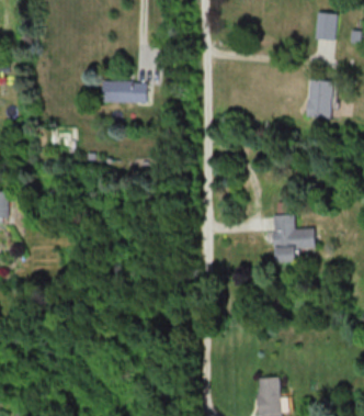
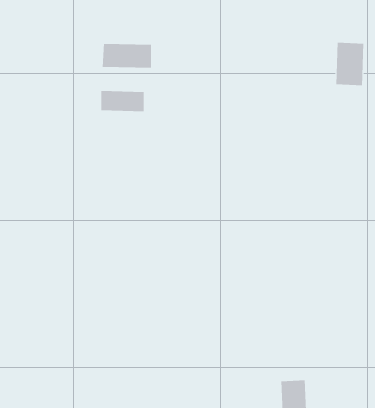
building: none -> [101,90,144,112]
building: [274,215,316,263] -> none

